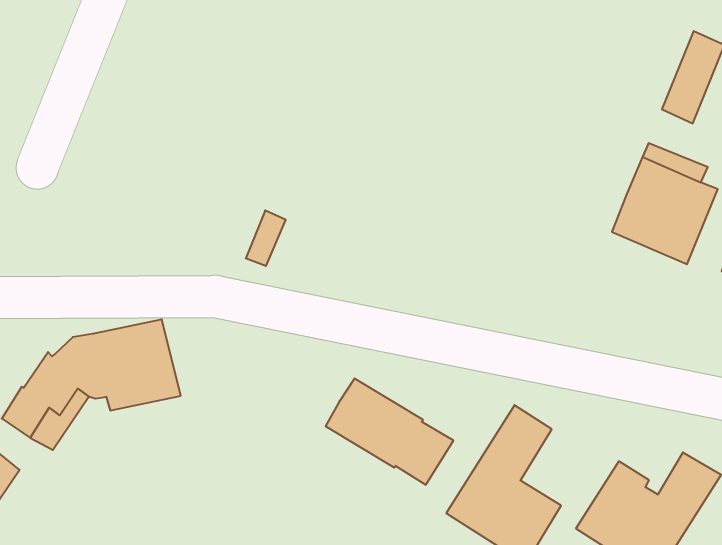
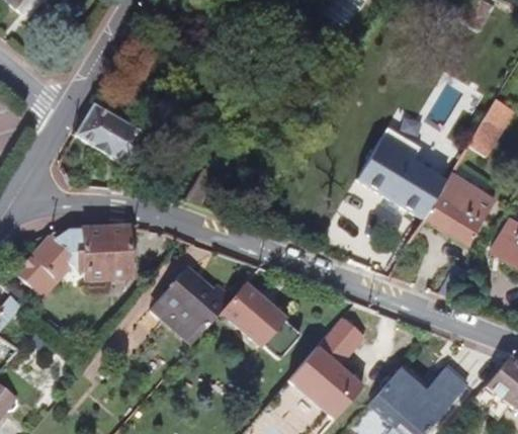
building: none -> [364,133,443,216]
building: none -> [74,102,146,167]
building: none -> [150,270,232,343]

